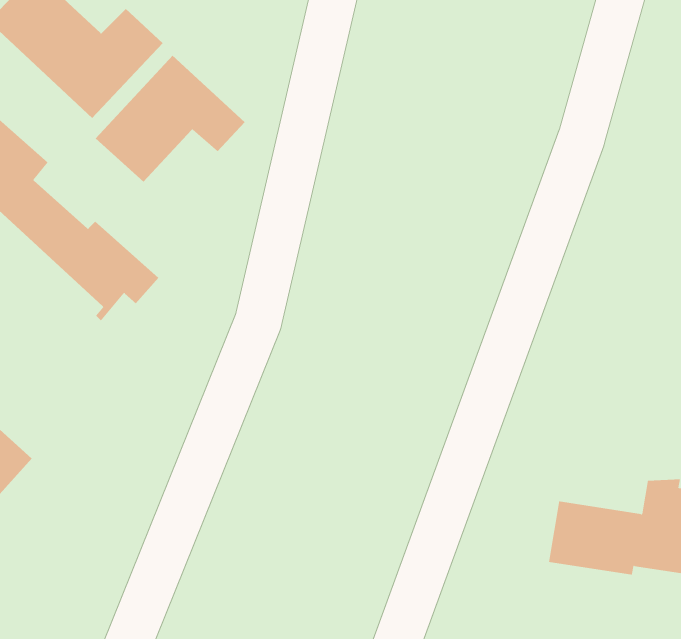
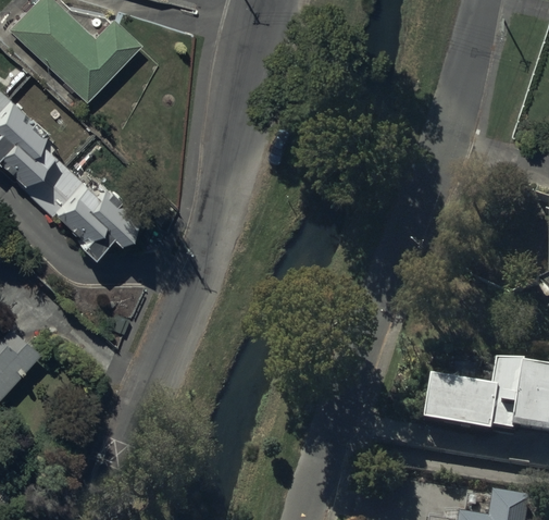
building: [95,55,246,183] -> none

